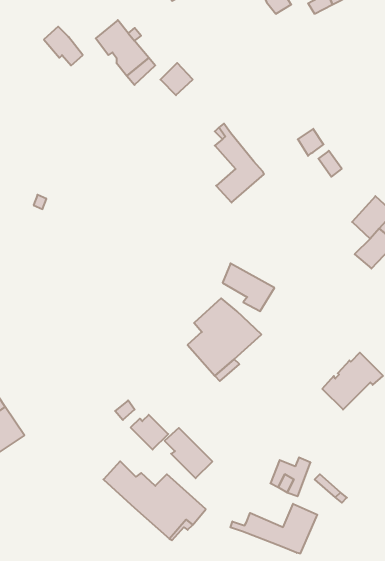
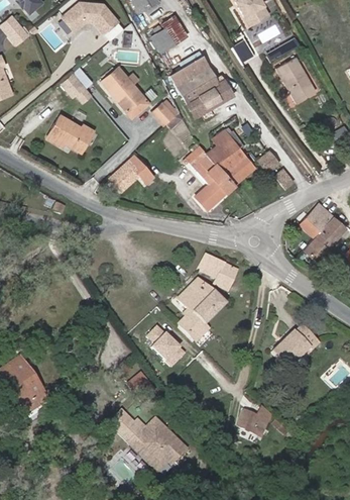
building: none -> [170,56,231,111]
building: none -> [276,57,315,102]
building: none -> [46,116,91,151]
building: none -> [206,129,254,186]
building: none -> [110,156,153,191]
building: [165,428,212,478] -> [145,325,183,365]
building: [230,504,317,554] -> none

